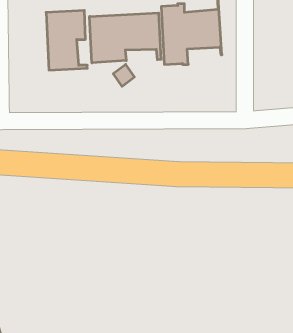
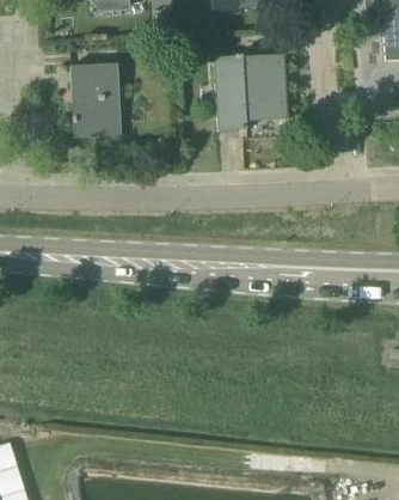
building: [90,13,161,63] -> none

